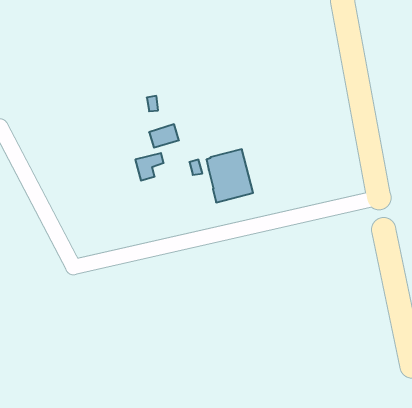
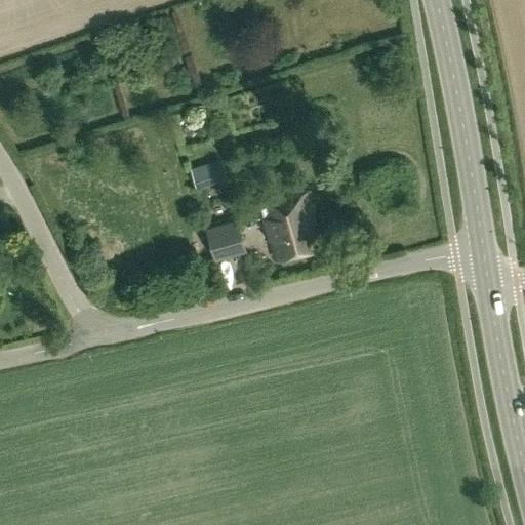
building: [135,153,164,181] -> [206,225,242,259]

